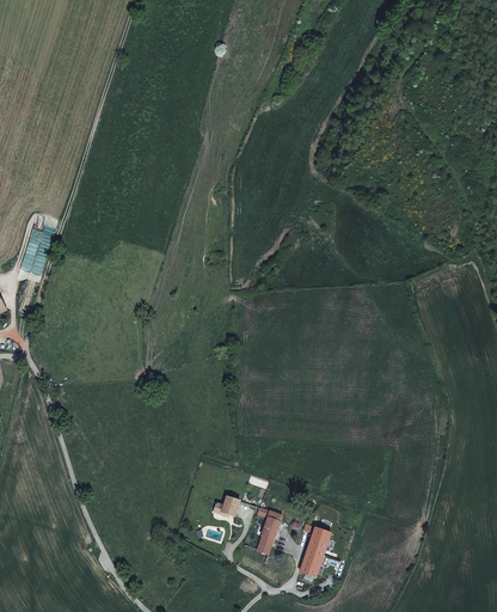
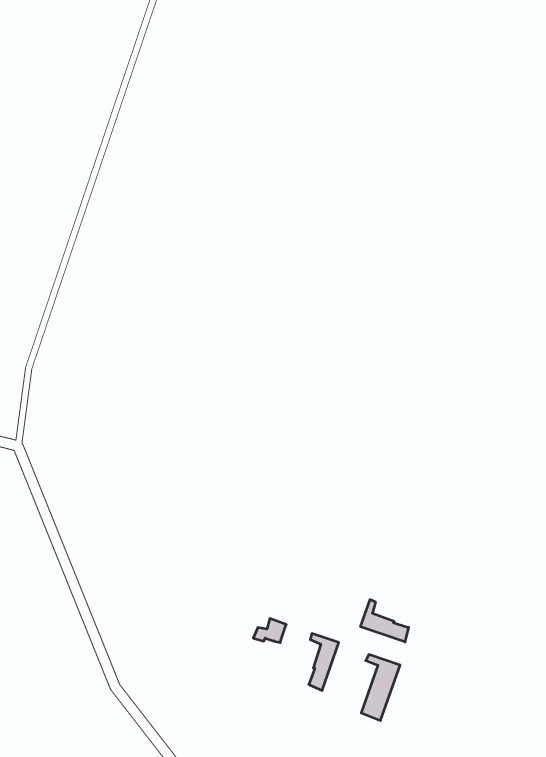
building: none -> [361,600,409,642]

